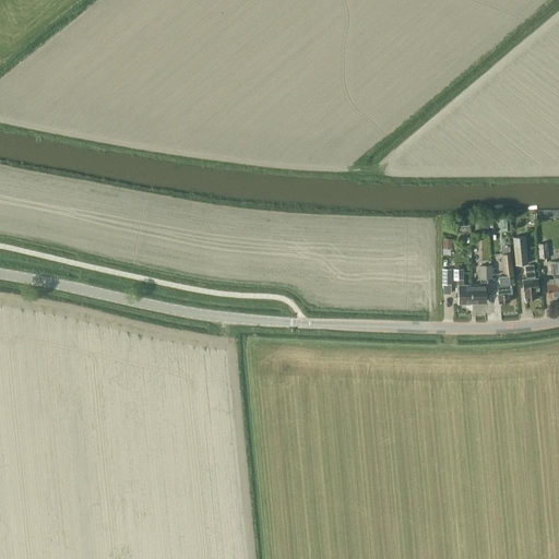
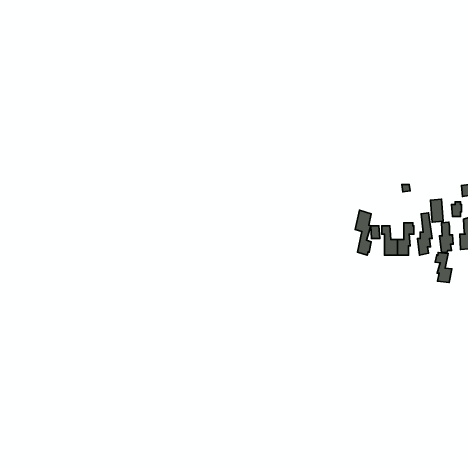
building: none -> [355,210,371,255]
building: none -> [435,253,452,282]

